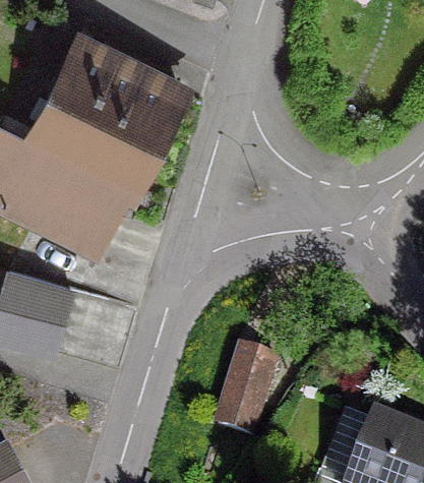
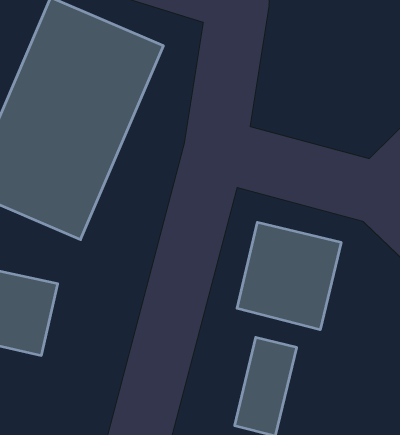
building: none -> [237,222,341,330]

